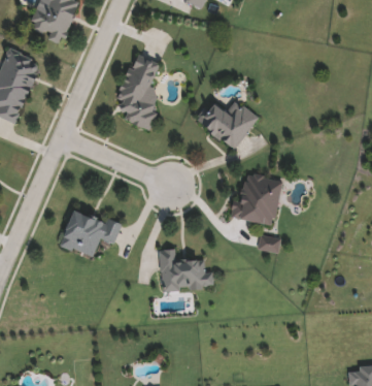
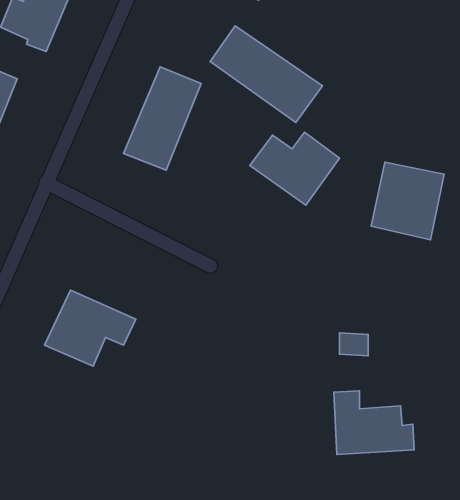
building: none -> [210,26,322,122]
building: [233,172,282,225] -> [371,162,444,240]
building: [159,248,213,291] -> [334,391,414,455]

